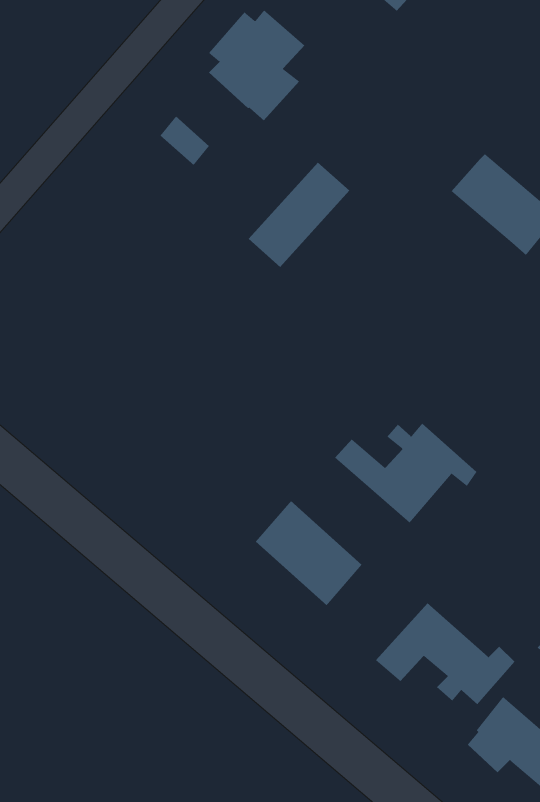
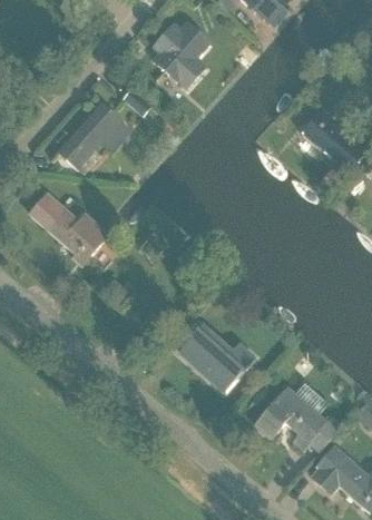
building: [248,162,350,268] -> [57,102,120,168]
building: none -> [30,194,107,261]
building: [334,423,477,523] -> none

